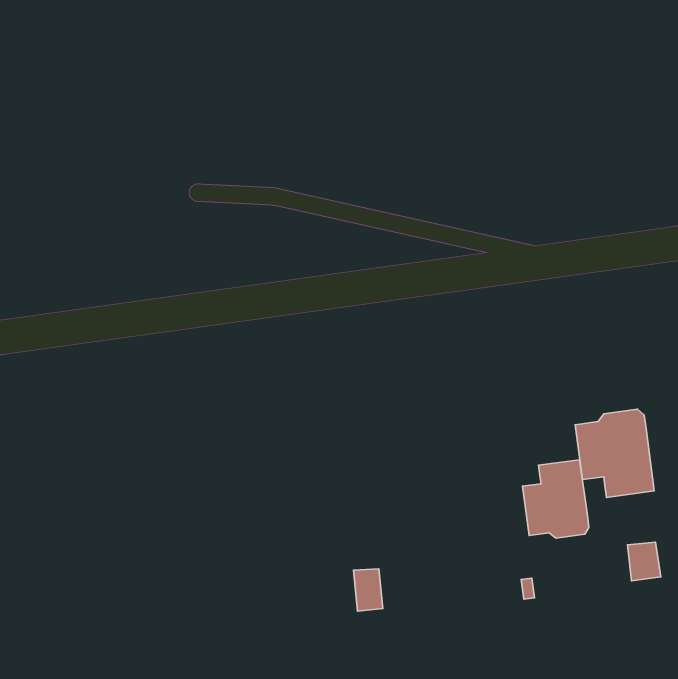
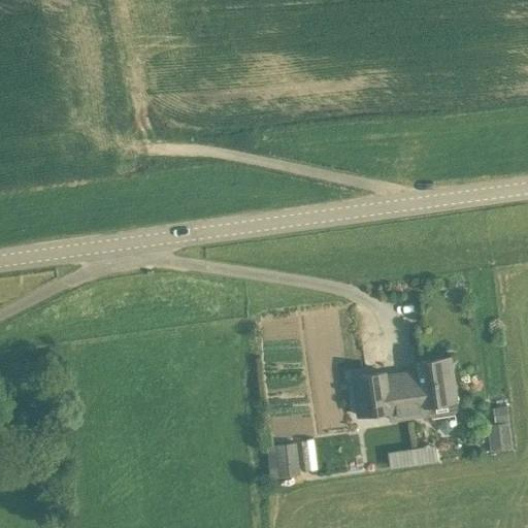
building: [575,409,654,498] -> none
building: none -> [354,371,411,419]

